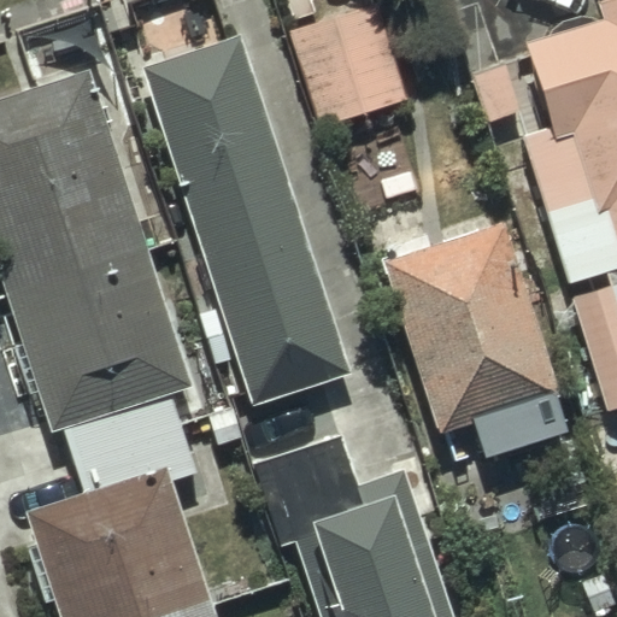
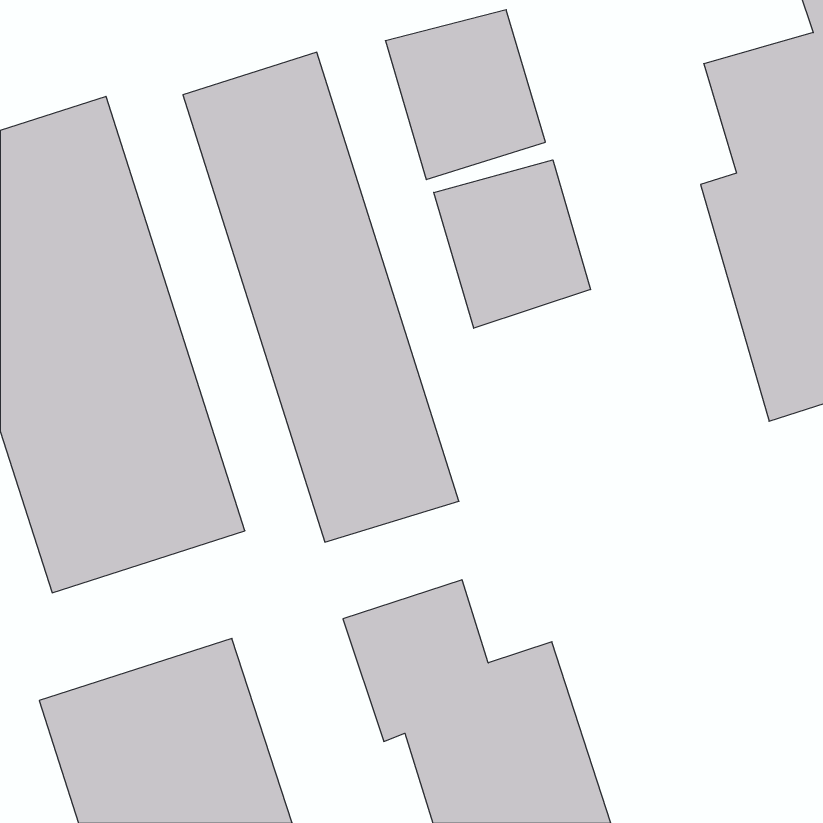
building: none -> [434,160,591,328]
building: [384,227,565,439] -> none

